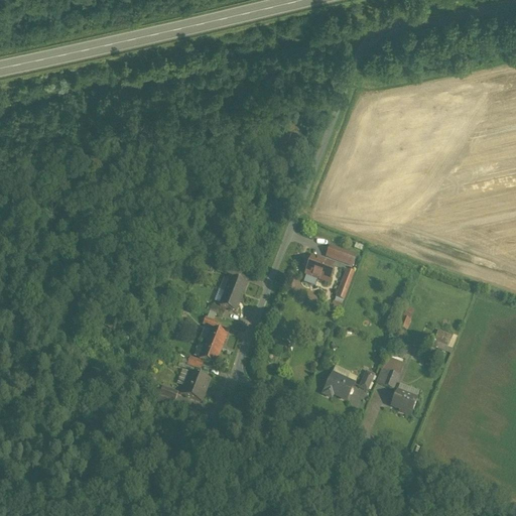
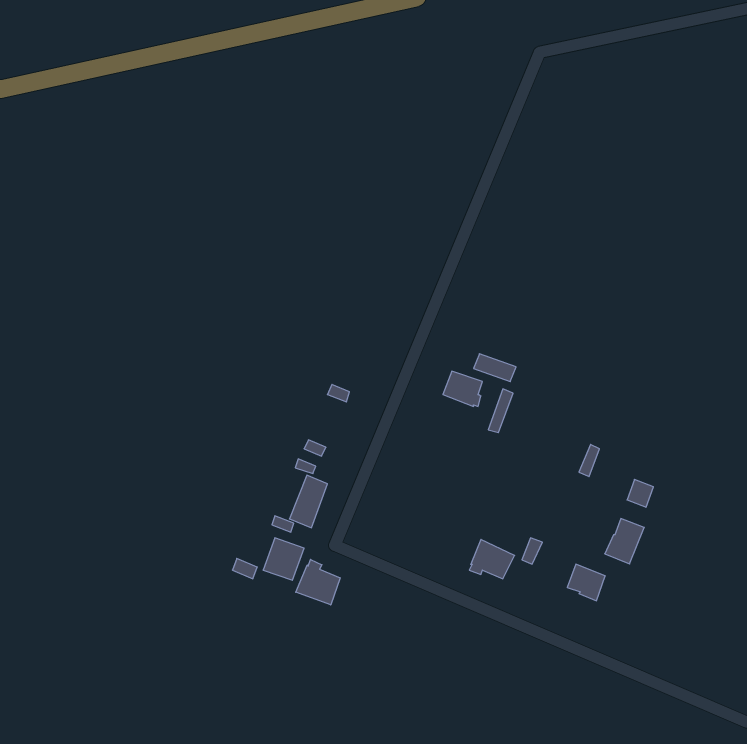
building: [220,276,246,310] -> none
building: [376,357,403,388] -> [605,519,644,564]
building: none -> [296,559,340,605]

